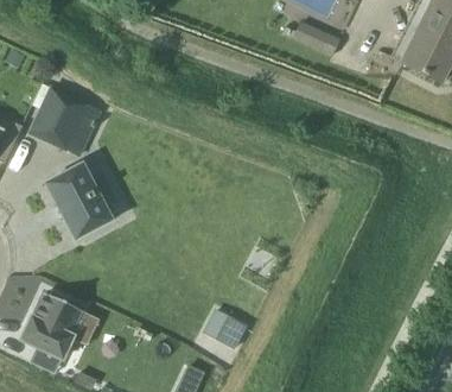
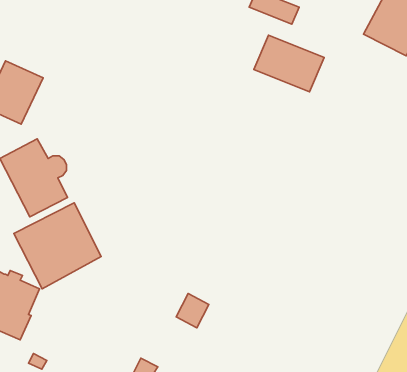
building: none -> [254,35,324,92]
building: none -> [14,203,101,289]

